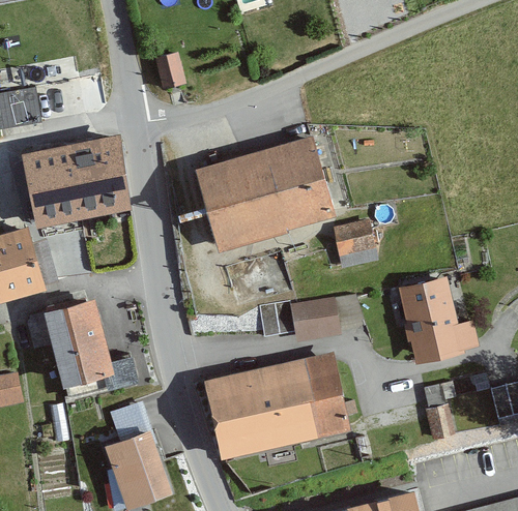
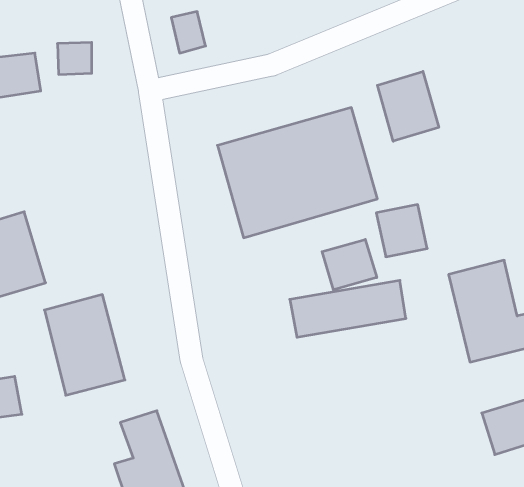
building: none -> [377,71,439,141]
building: [22,139,133,230] -> none
building: none -> [322,239,377,290]
building: [202,353,348,461] -> none

